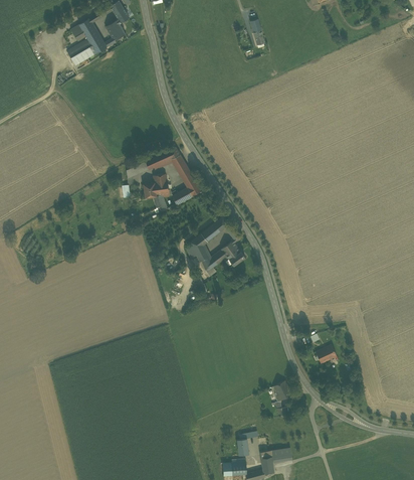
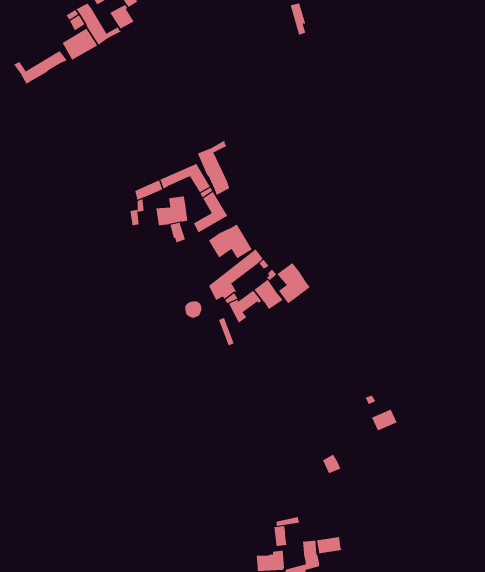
building: none -> [13,51,67,85]
building: none -> [197,140,230,196]
building: none -> [208,224,253,259]
building: none -> [277,262,310,304]

